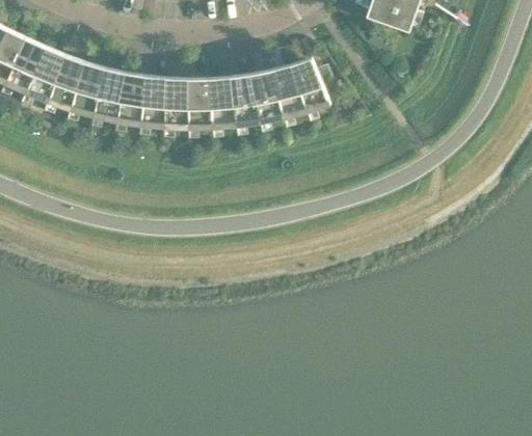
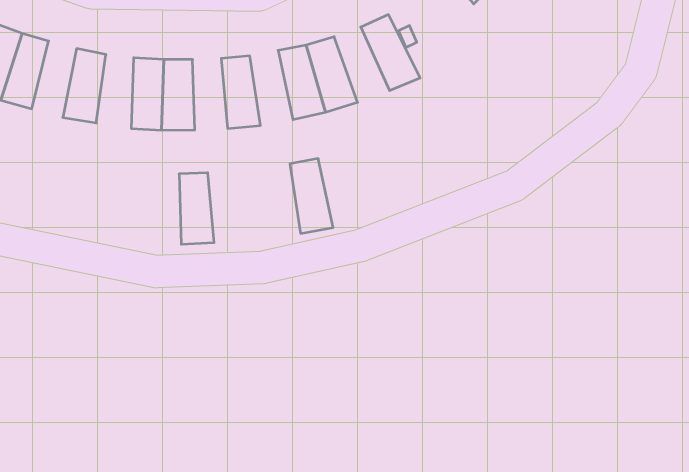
building: [47,52,83,108] -> none
building: [270,62,307,116] -> none
building: [92,65,124,120] -> none
building: [208,74,235,127] -> [290,159,333,233]
building: [163,75,187,127] -> [179,173,214,244]

